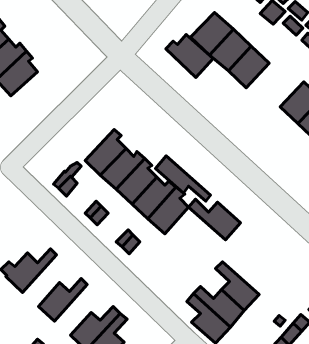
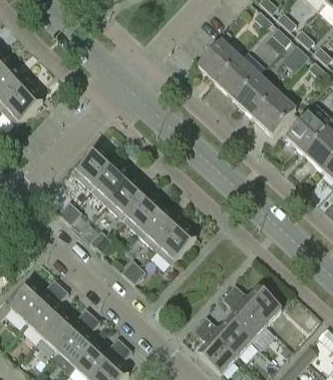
building: [166,34,213,78] -> none
building: none -> [252,91,294,134]
building: none -> [72,147,118,189]
building: [155,156,211,201] -> none
building: [189,199,240,240] -> [228,284,280,325]
building: none -> [26,285,68,337]
building: none -> [58,315,99,366]

